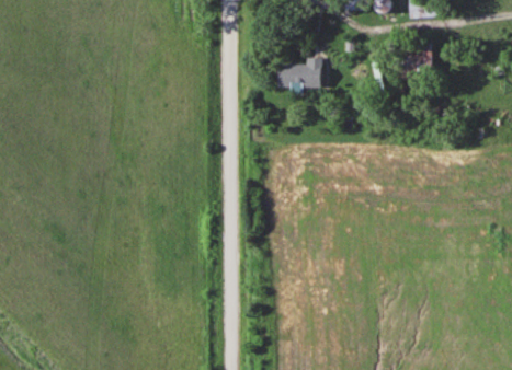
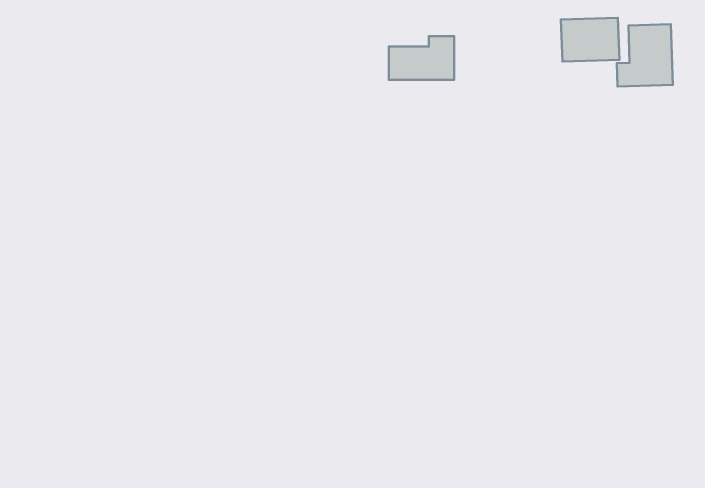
building: none -> [617,24,673,87]

